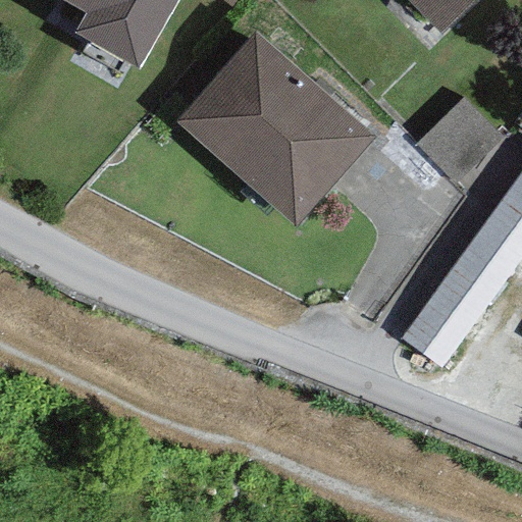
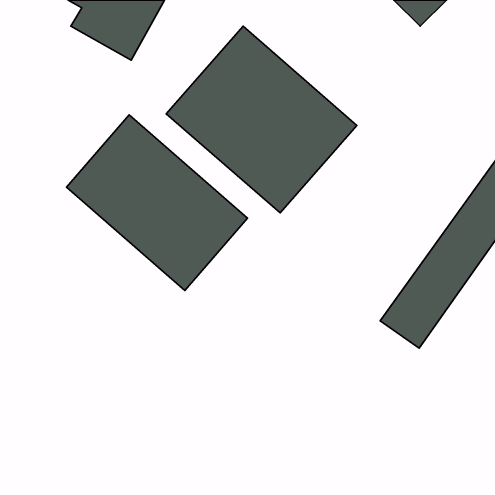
building: [416,99,503,185] -> none
building: none -> [66,115,248,291]

